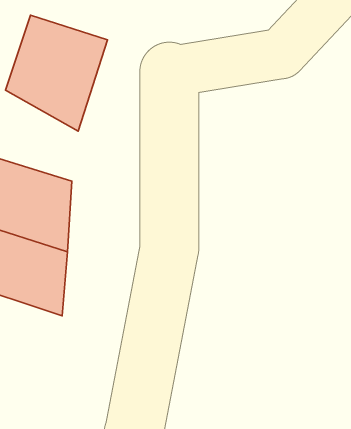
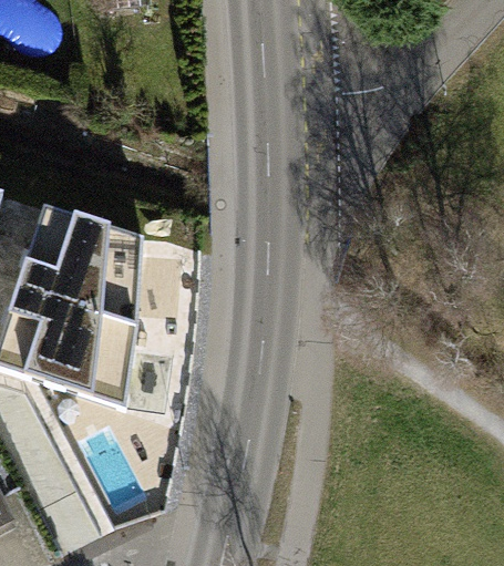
building: [6,15,107,131] -> none

